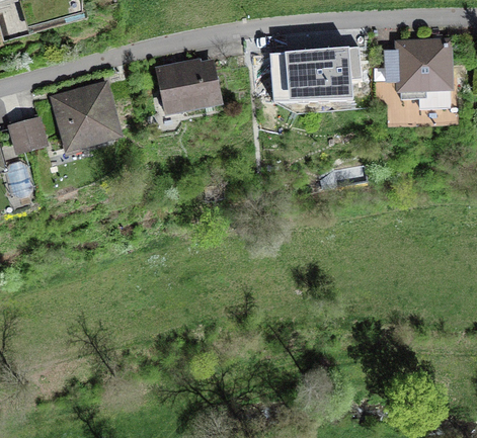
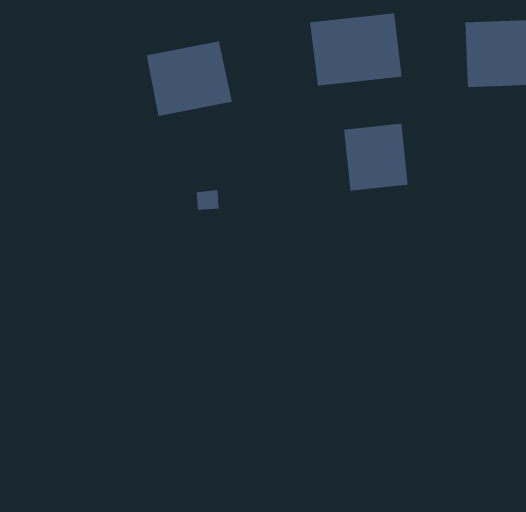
building: [51,82,124,154] -> none
building: none -> [343,123,409,191]

